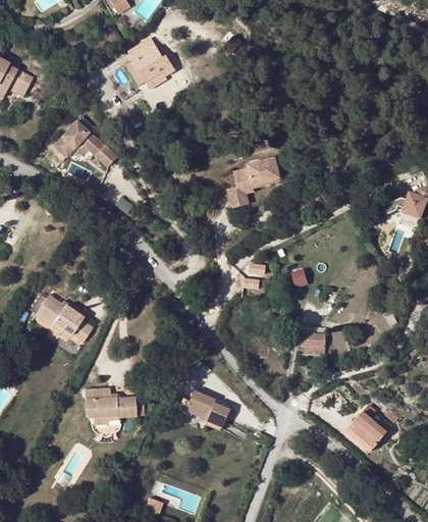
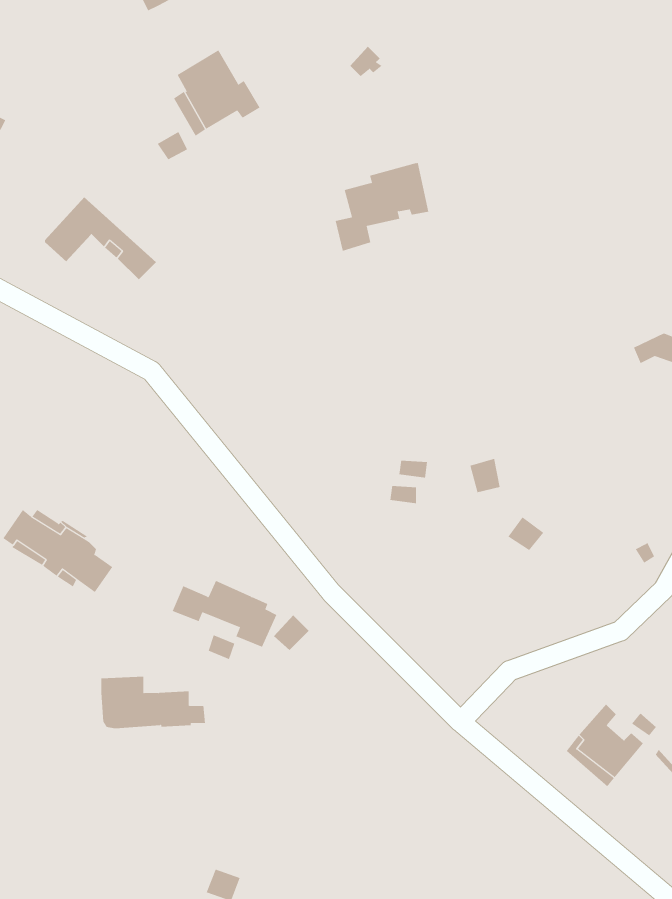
building: [227,157,280,207] -> [335,163,429,252]
building: [301,334,325,355] -> none
building: [168,392,227,429] -> [172,580,277,647]

